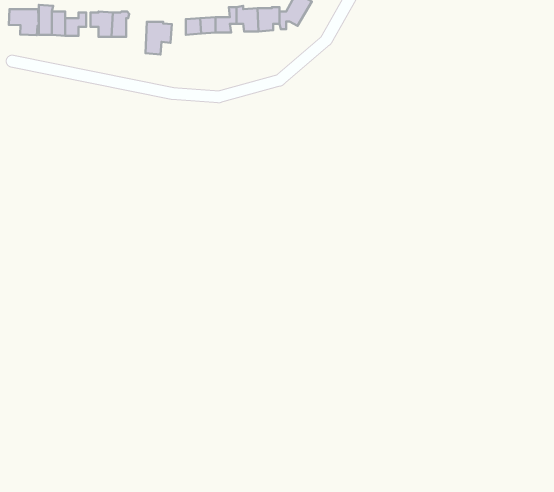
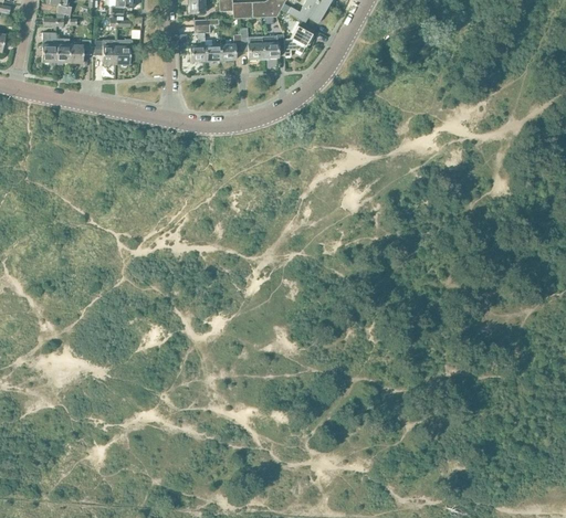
building: [9,9,39,35] -> none
building: [145,22,172,55] -> none

